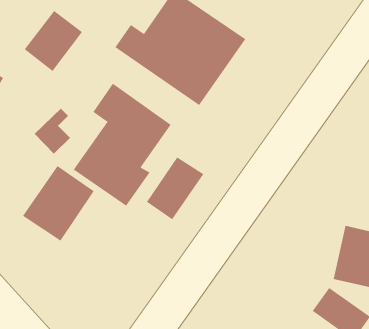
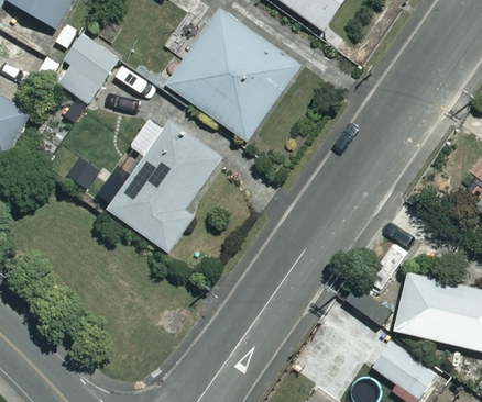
building: [146,157,204,220] -> none
building: [22,165,95,241] -> none

